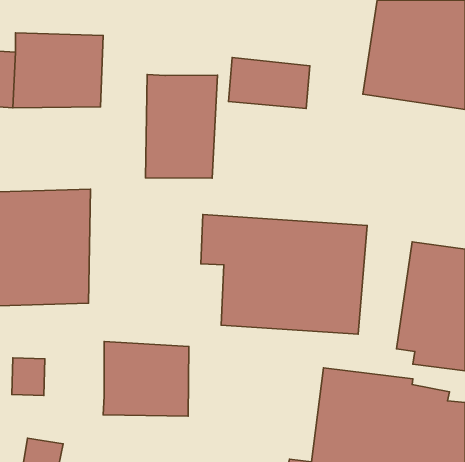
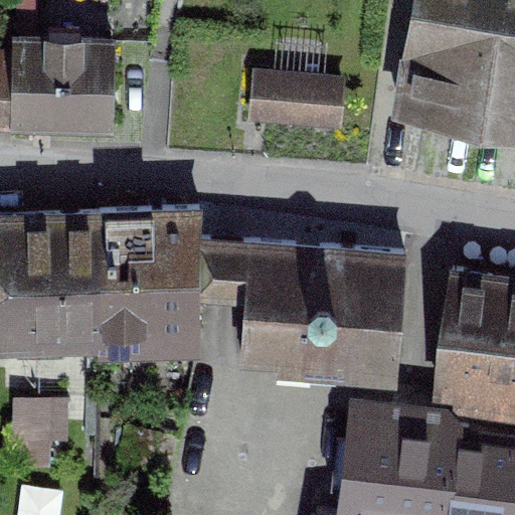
building: [146,75,217,178] -> none
building: none -> [98,210,223,351]
building: [103,341,189,416] -> none

